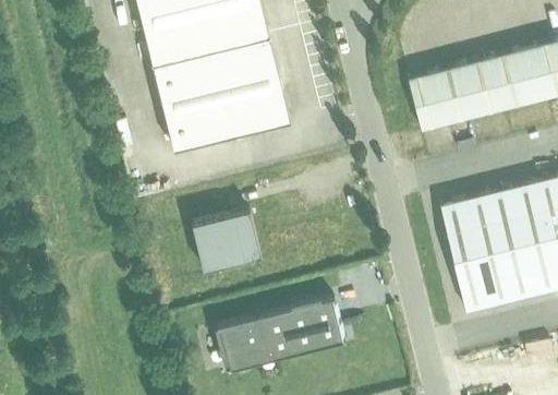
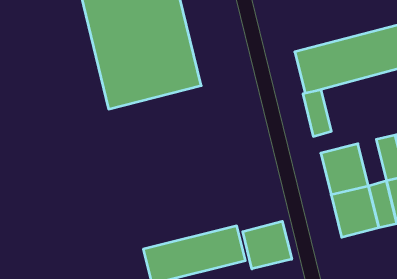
building: [487,190,523,249] -> [303,90,331,136]
building: [192,211,262,272] -> none
building: none -> [243,221,292,269]

